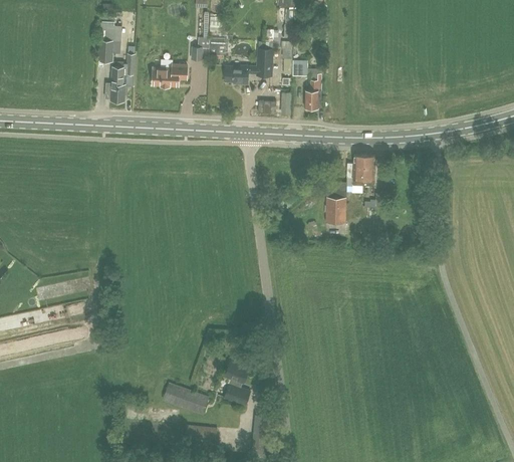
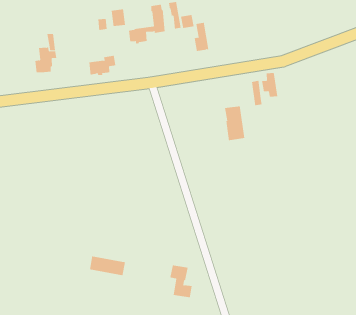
building: [97,24,114,62] -> none
building: [153,65,187,87] -> [88,55,116,75]
building: [347,154,365,185] -> [261,72,278,97]
building: [163,383,209,414] -> [89,256,126,276]

